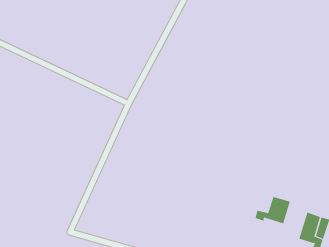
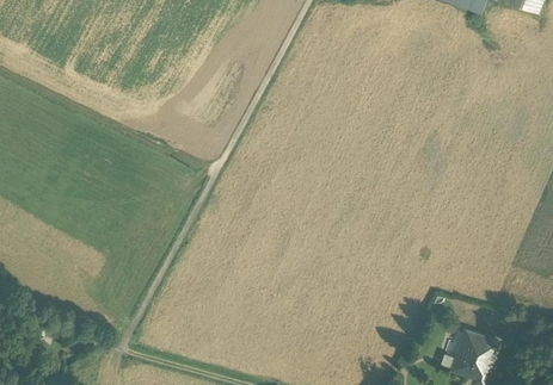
building: [255,196,291,224] -> none

